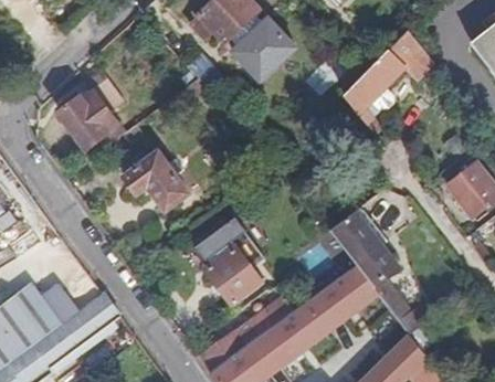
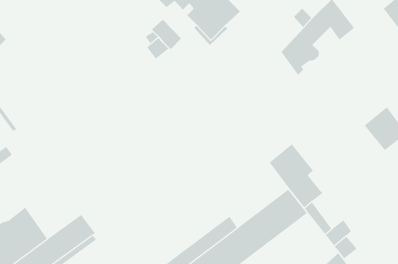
building: [56,70,123,148] -> none
building: [122,150,187,209] -> none
building: [197,210,263,305] -> none

